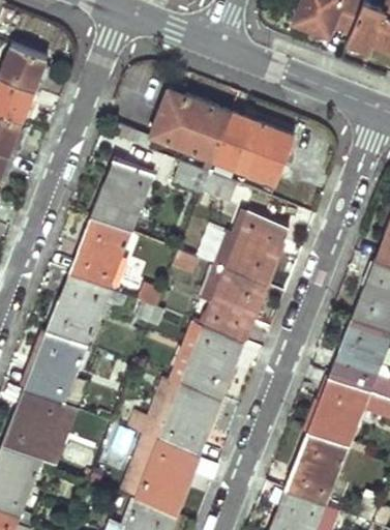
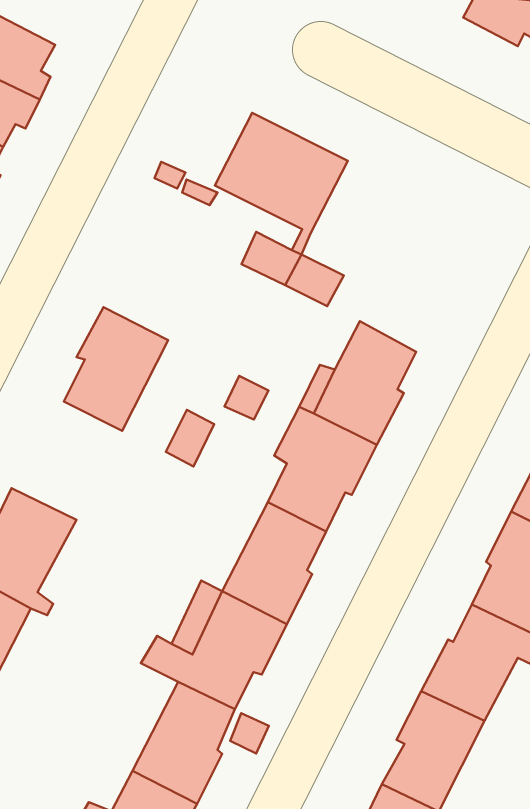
building: [212,113,294,184] -> none
building: [90,160,154,233] -> none
building: [44,276,109,348] -> none

